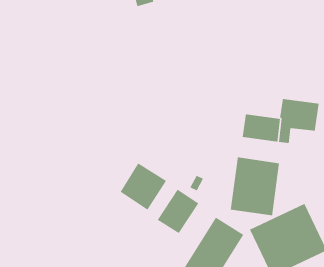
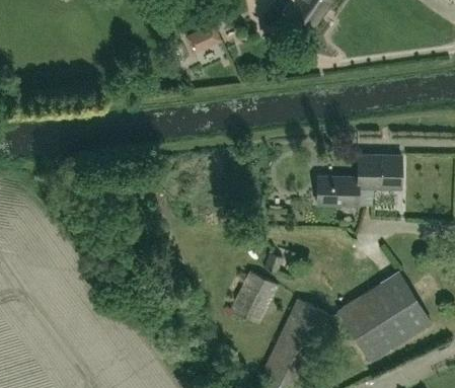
building: [230,157,280,216] -> none
building: [120,163,167,210] -> none

